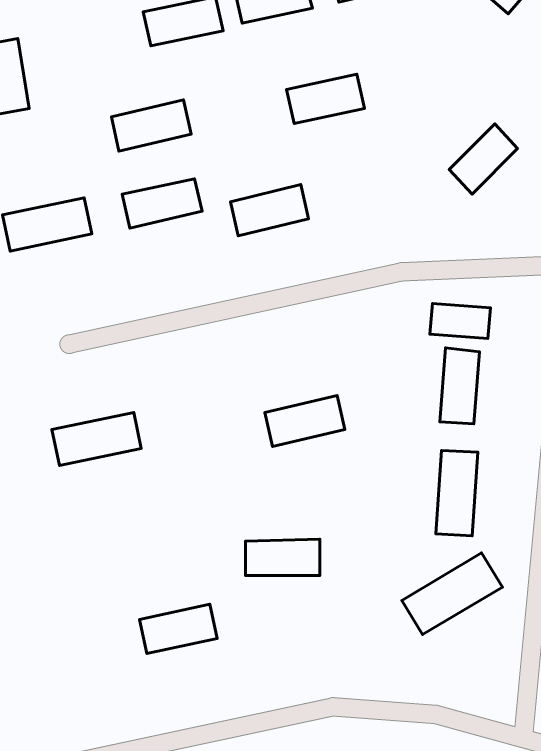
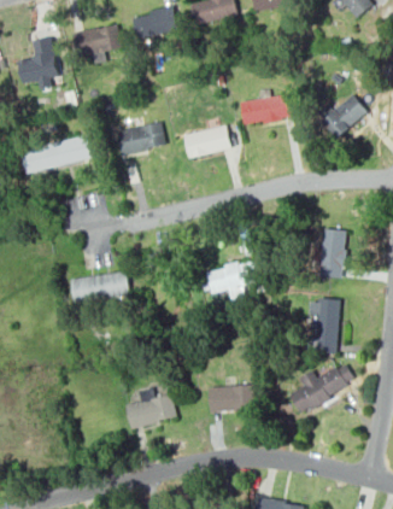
building: [287,74,365,124] -> [237,94,287,125]
building: [111,100,191,151] -> [77,24,128,57]
building: [430,304,490,339] -> none
building: [246,539,320,575] -> [206,387,253,410]

